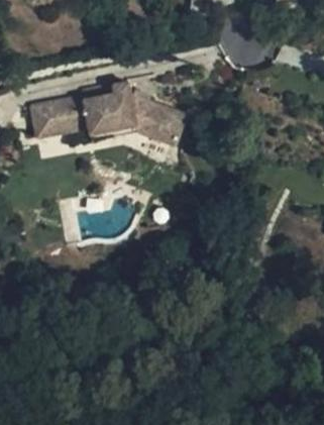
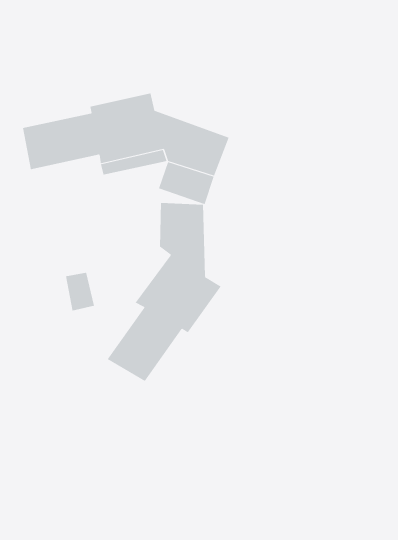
building: none -> [107,202,221,382]

